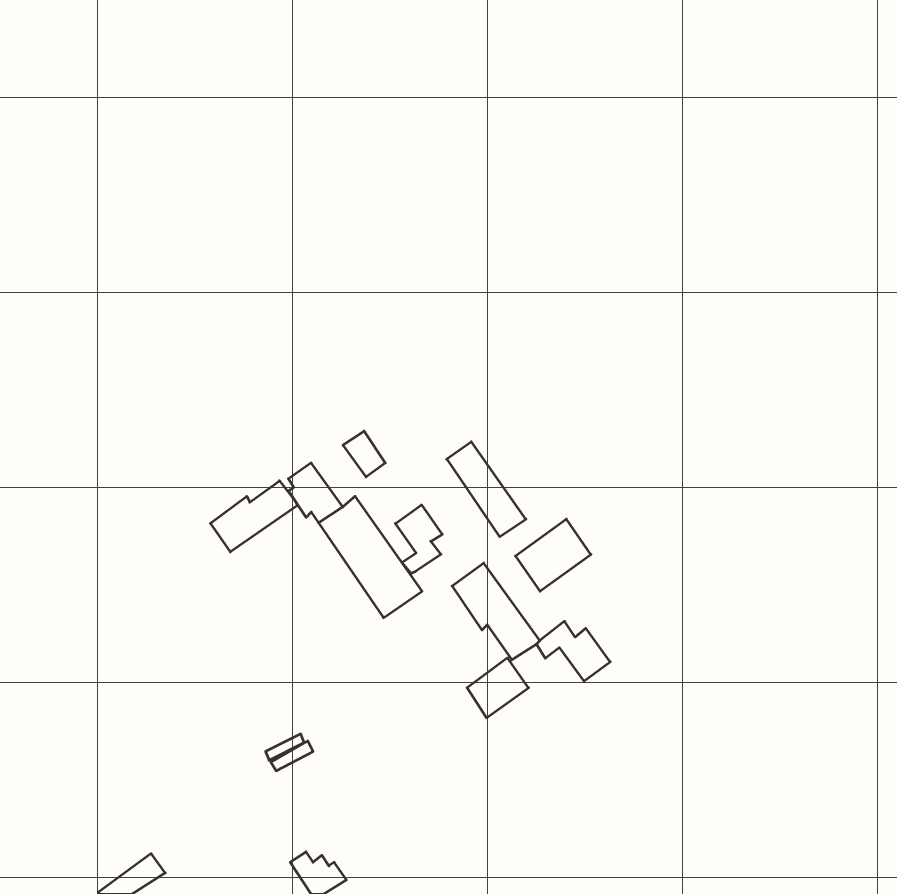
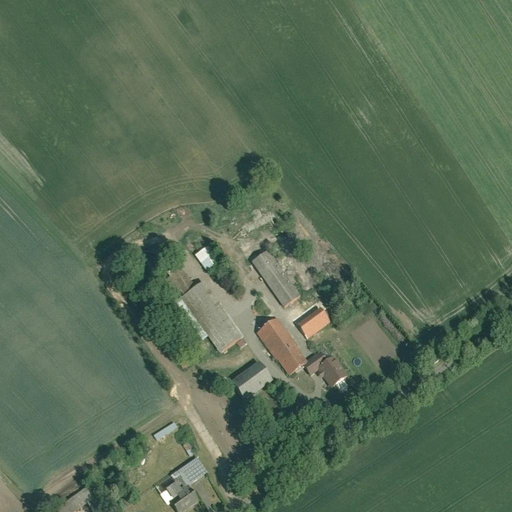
building: [210,481,297,552] -> none
building: [395,505,442,574] -> none
building: [467,658,529,718] -> [236,362,271,396]
building: none -> [178,458,205,485]

